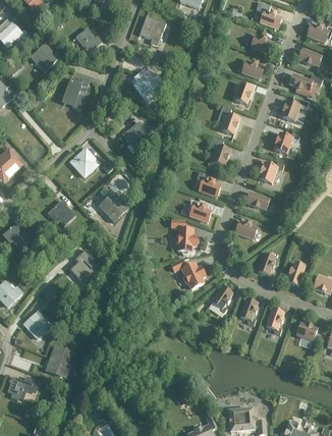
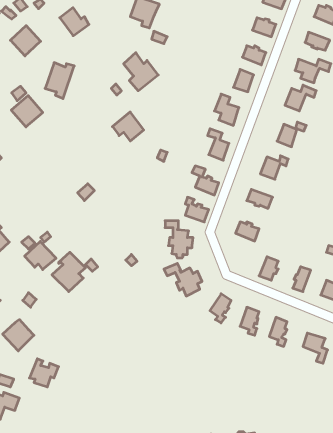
building: [70,149,99,177] -> [11,96,43,127]
building: [99,193,128,222] -> none
building: [47,201,75,226] -> [25,241,56,270]

